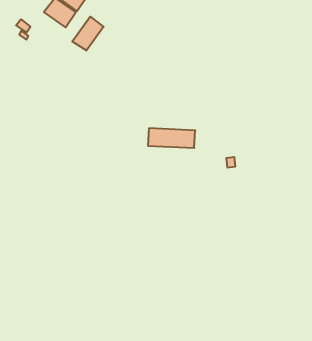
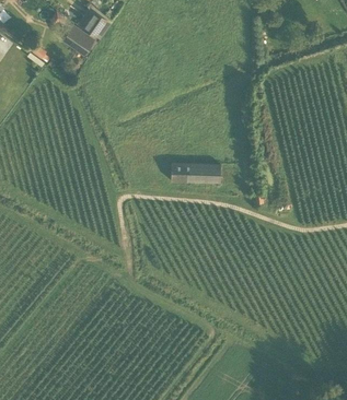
building: [72,17,104,51] -> none

